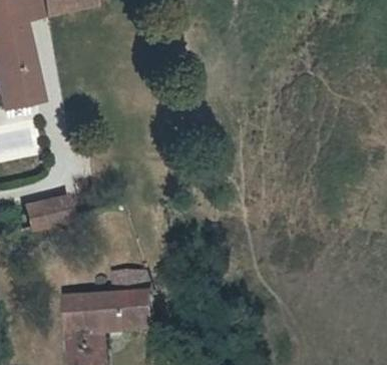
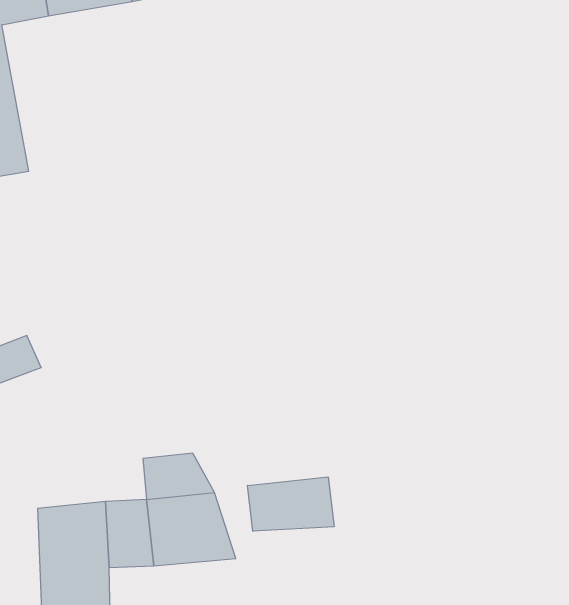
building: none -> [248,477,334,531]

